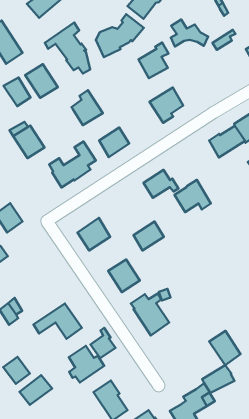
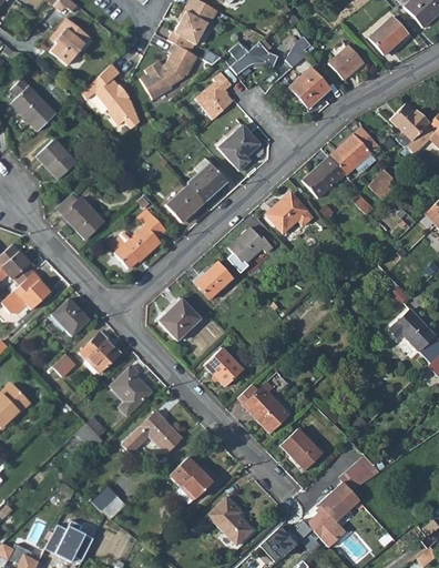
building: none -> [287,67,329,109]
building: [25,64,58,98] -> none
building: [71,90,103,125] -> [186,156,226,201]
building: [175,180,211,212] -> [266,191,313,233]
building: [133,222,164,250] -> [195,262,233,300]
building: none -> [80,332,121,373]
building: none -> [112,364,152,414]
building: [90,328,115,358] -> none
building: [209,331,241,365] -> [280,428,321,470]
building: [20,375,52,405] -> none

